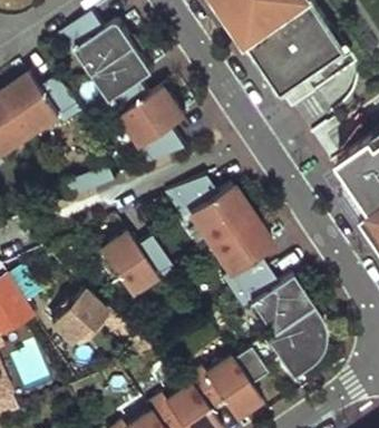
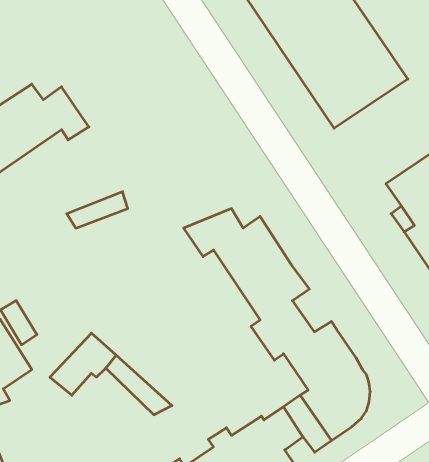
building: [59,13,188,169] -> none
building: [100,236,177,293] -> none

